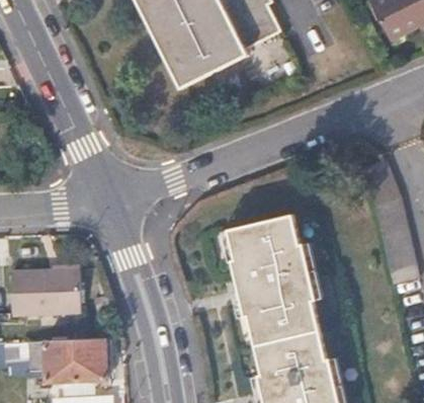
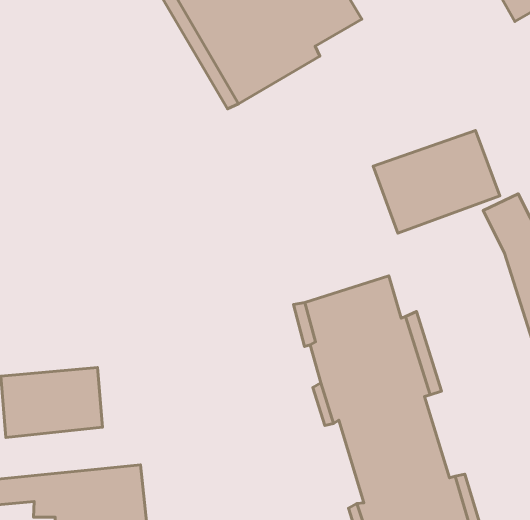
building: none -> [373,131,500,233]

